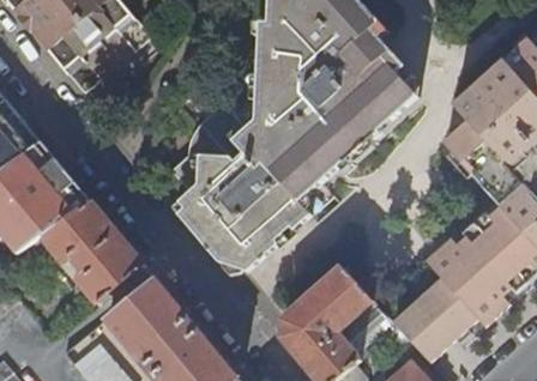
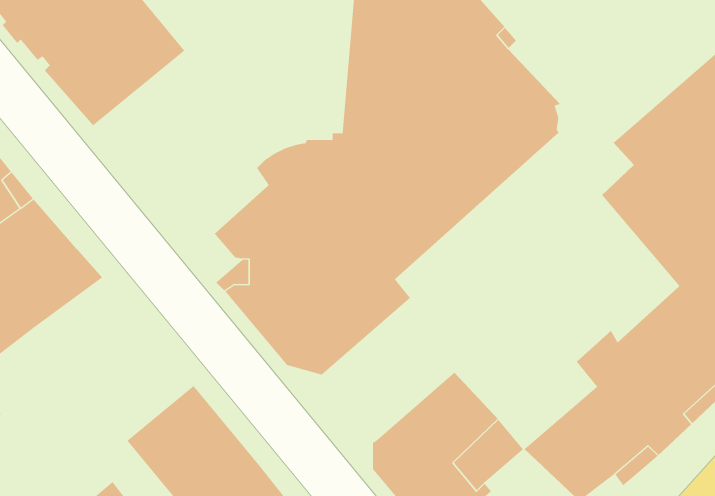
building: [40,200,143,303] -> none

